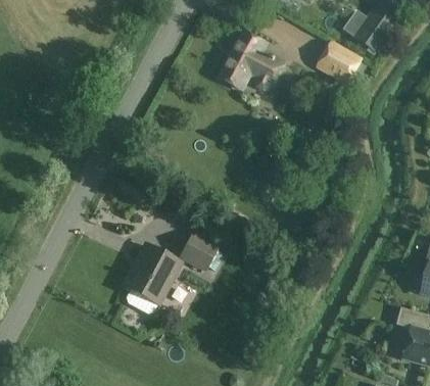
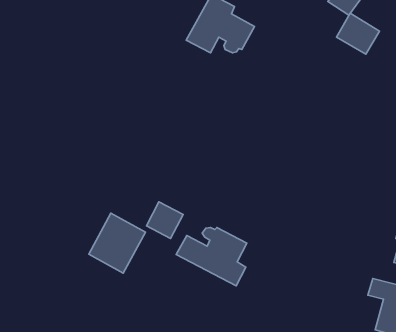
building: [318,42,360,82] -> [337,13,380,54]
building: none -> [176,228,247,286]

